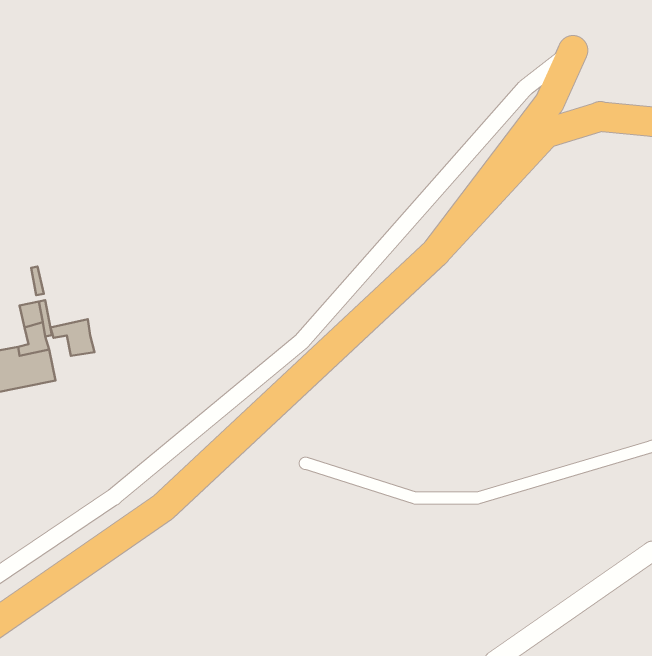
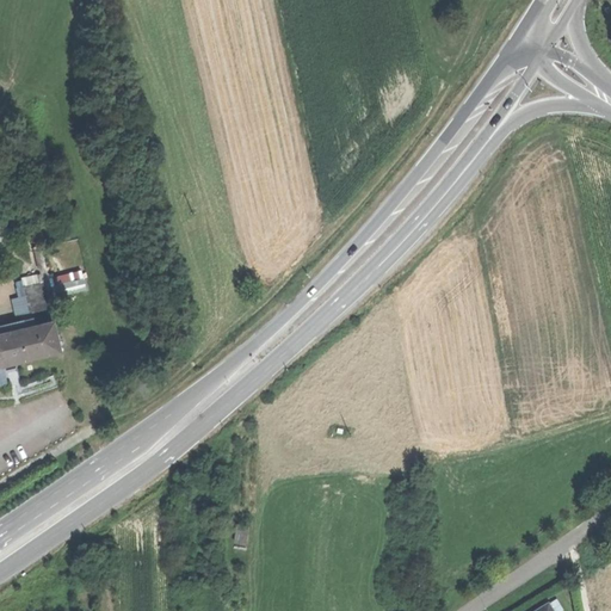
building: [50,319,94,356] -> none

